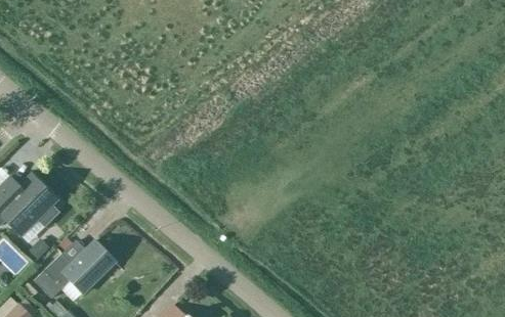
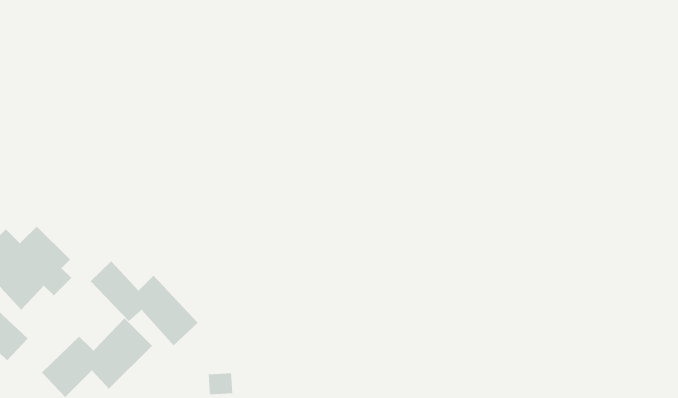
building: none -> [90,260,199,346]

